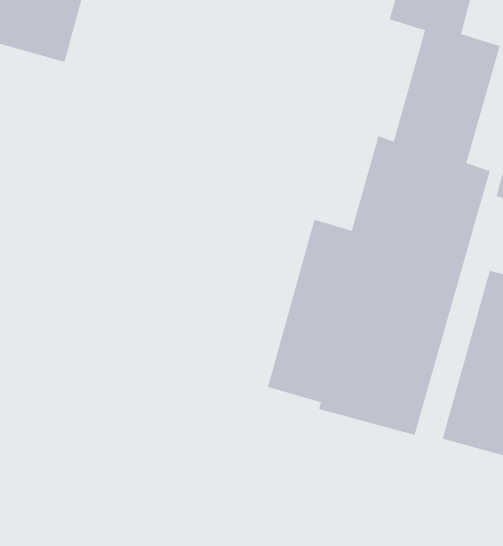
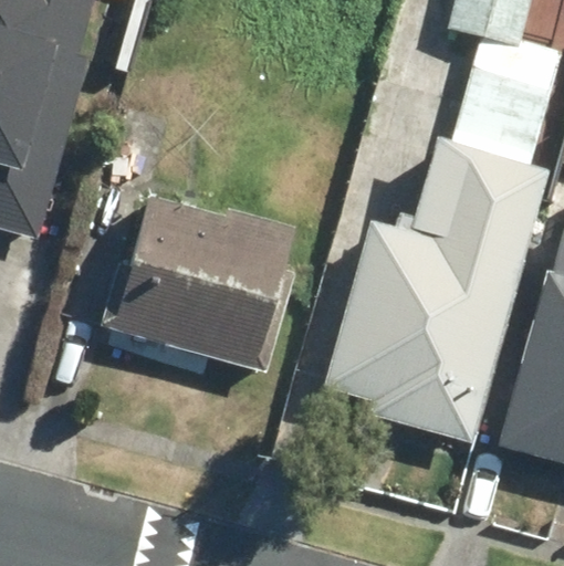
building: none -> [103,199,286,367]

